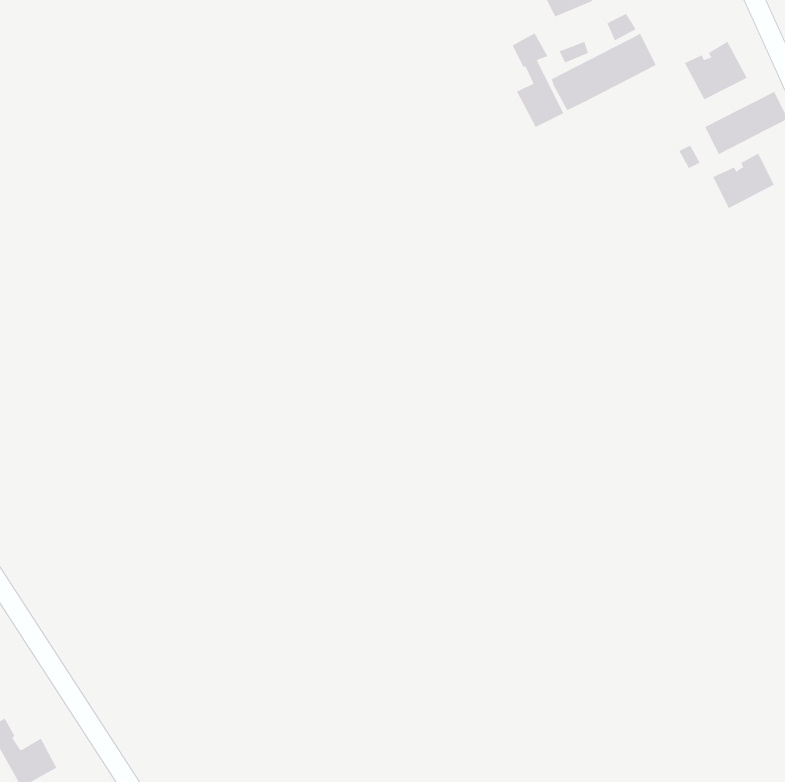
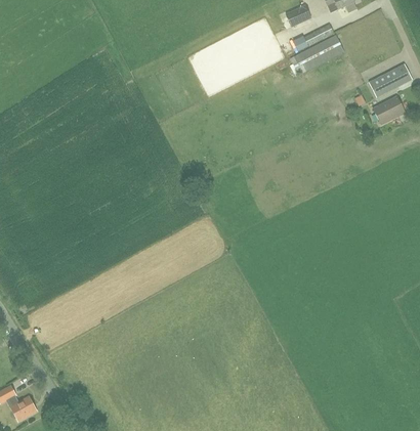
building: [512,33,564,128] -> none
building: [684,41,747,100] -> none

